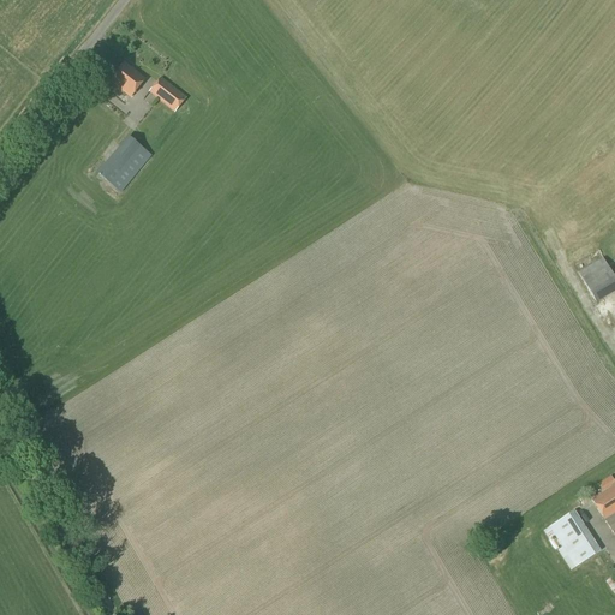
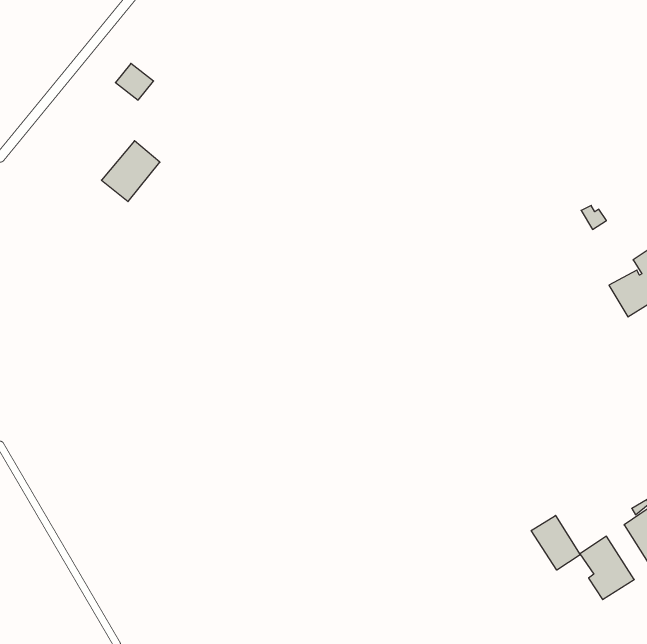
building: [150,76,187,109] -> none
building: none -> [531,515,580,570]

